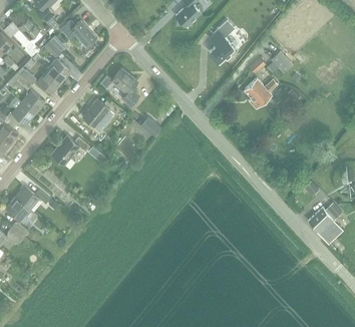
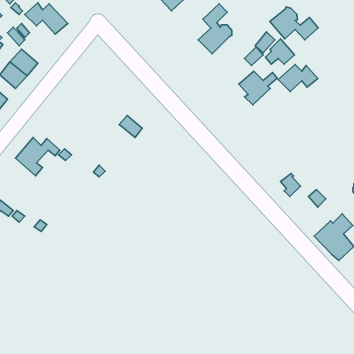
building: none -> [270,7,318,40]
building: [110,69,137,106] -> none
building: none -> [278,65,318,92]
building: [80,99,117,127] -> none

